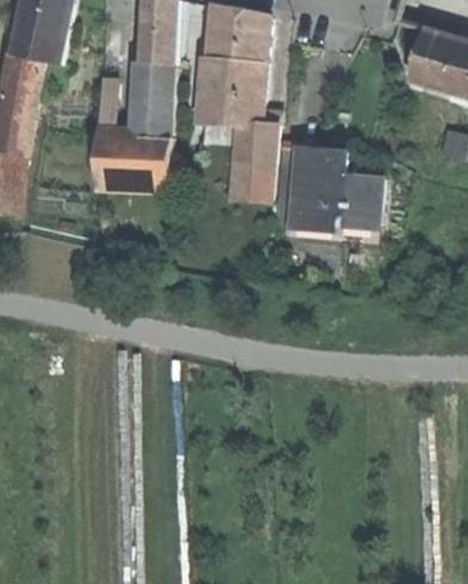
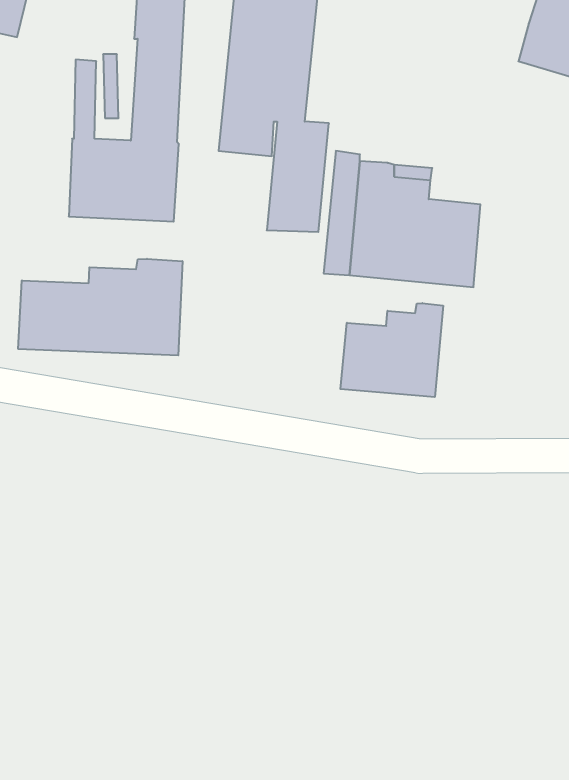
building: none -> [18,259,182,355]
building: none -> [340,303,443,397]

